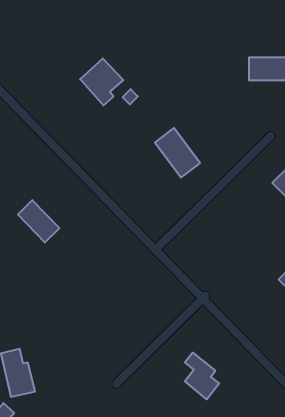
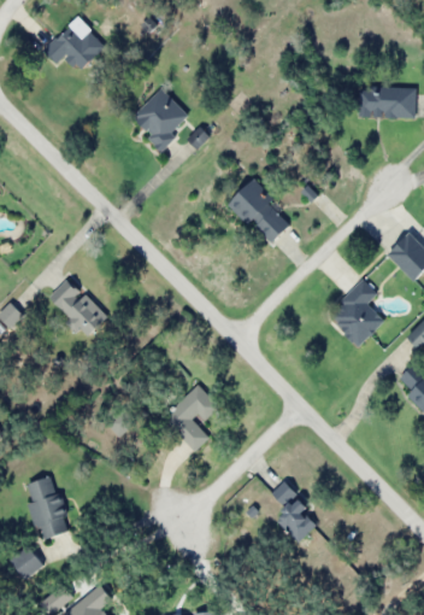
building: none -> [42,22,107,80]
building: none -> [328,280,384,346]
building: none -> [161,387,210,451]

